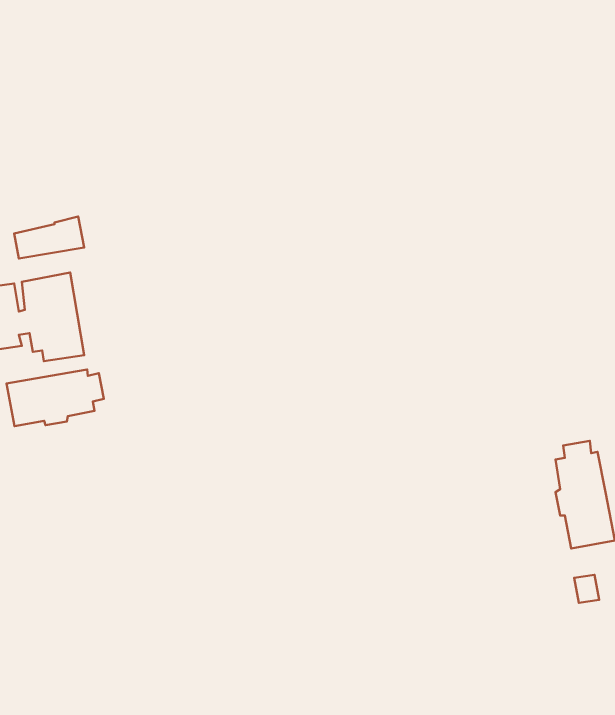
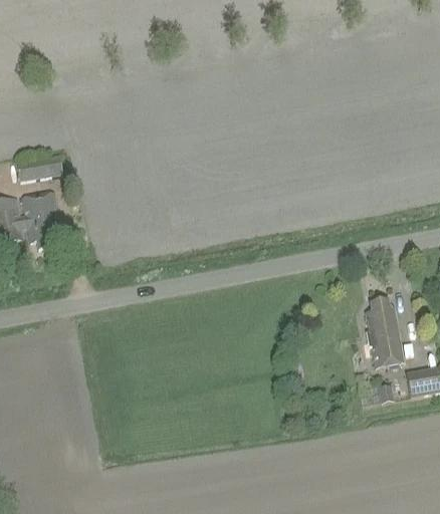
building: [7,370,104,426] -> none

